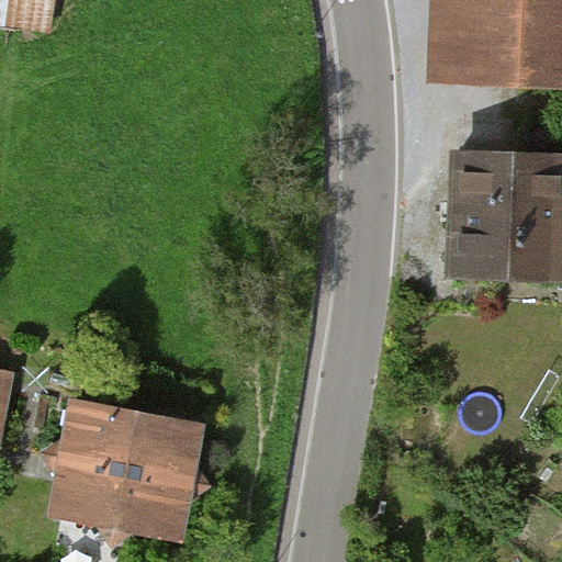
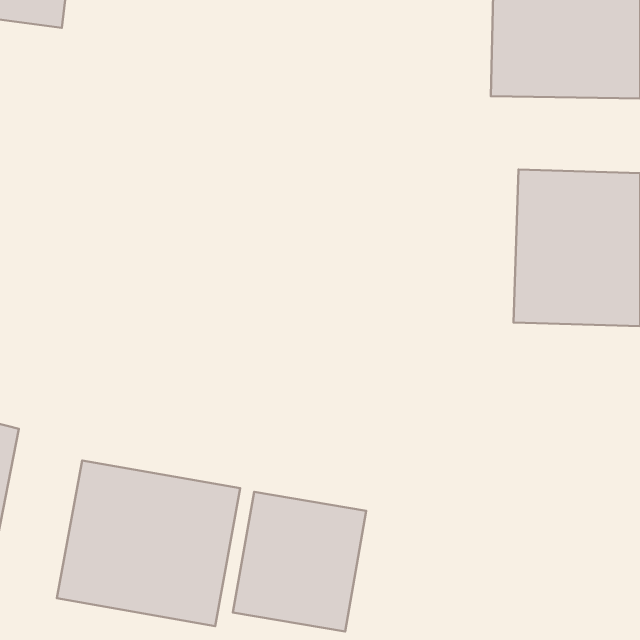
building: none -> [233,492,366,631]

